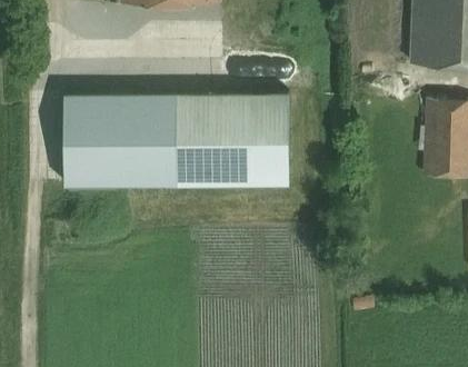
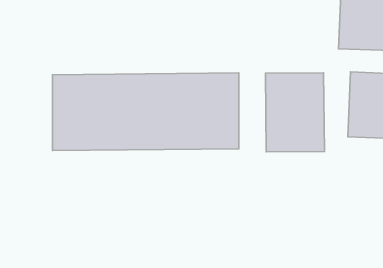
building: none -> [265,73,324,152]

